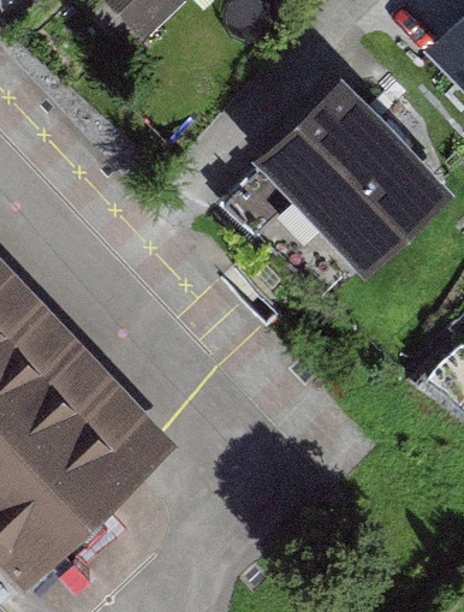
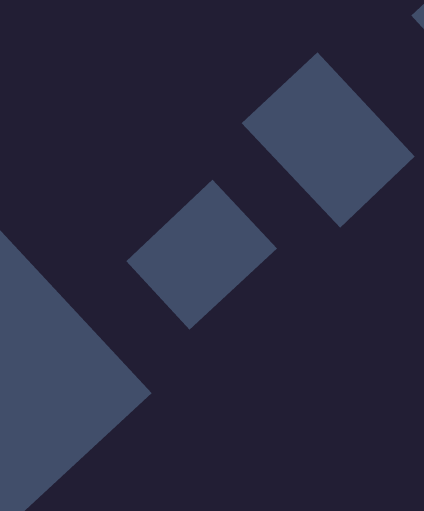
building: none -> [125,179,278,331]

